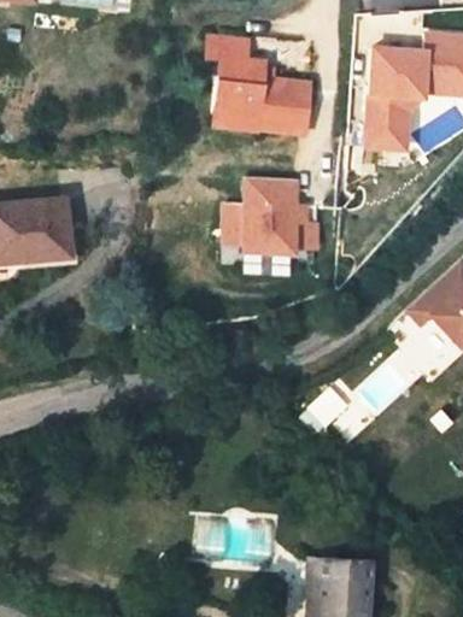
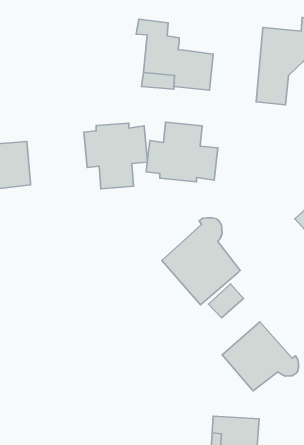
building: none -> [84,123,147,189]
building: none -> [162,218,240,305]
building: none -> [222,322,298,391]

